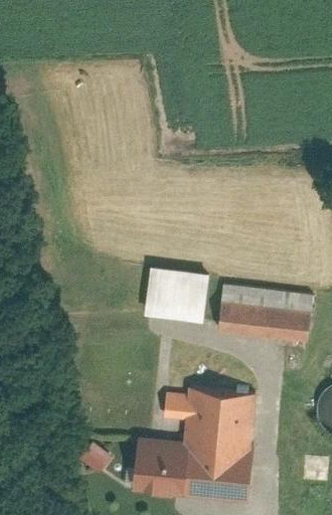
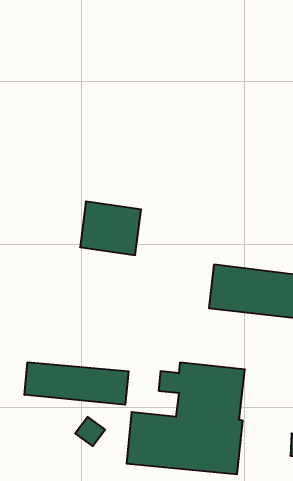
building: [145,266,208,321] -> [80,202,141,255]
building: none -> [24,362,129,405]

